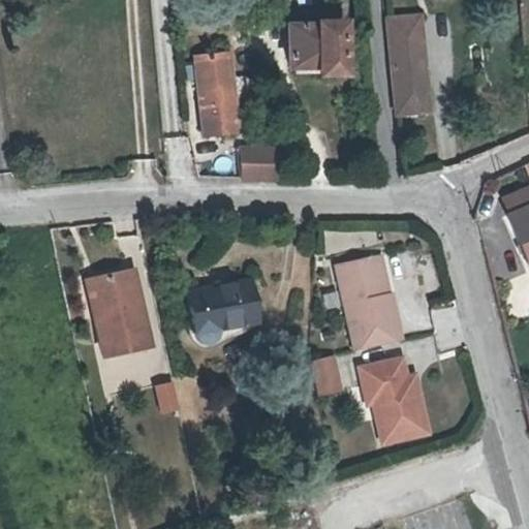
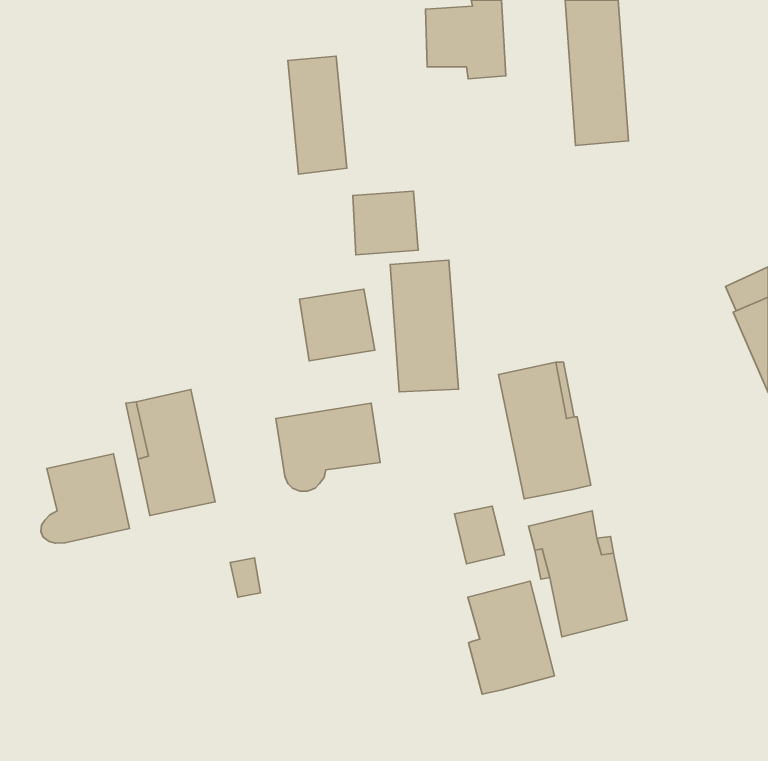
building: none -> [390,260,458,392]
building: none -> [300,289,375,361]
building: none -> [41,454,130,543]
building: none -> [468,581,554,694]

